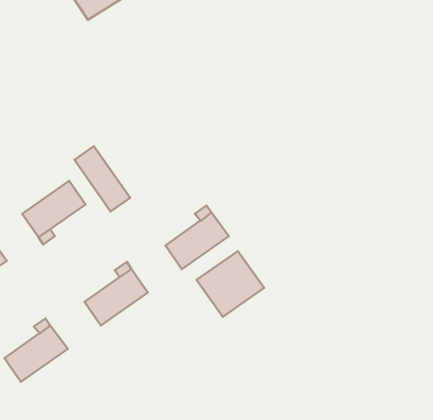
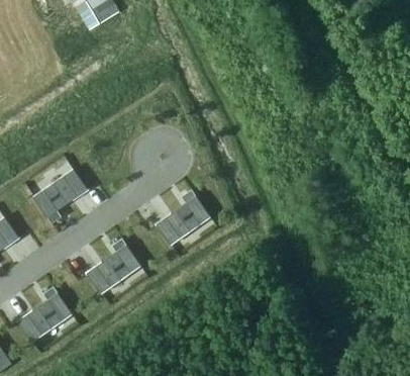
building: [74,146,130,211] -> none
building: [196,251,264,317] -> none

